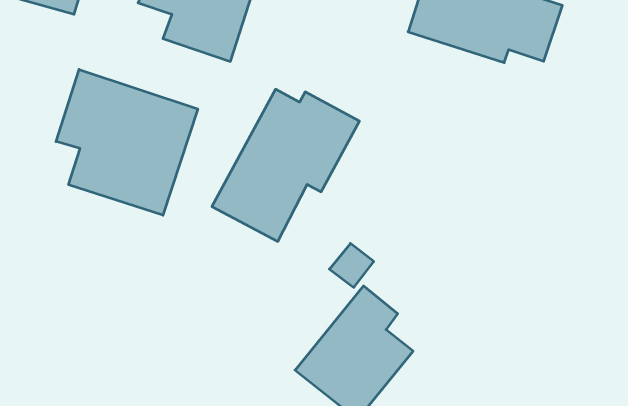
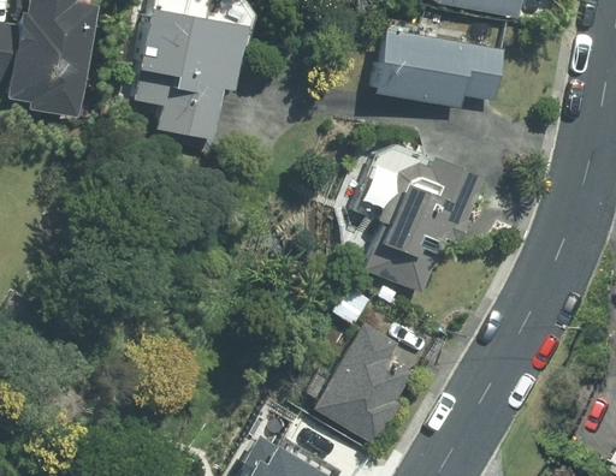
building: [56,69,198,215] -> none
building: [212,89,359,241] -> [362,156,482,292]

